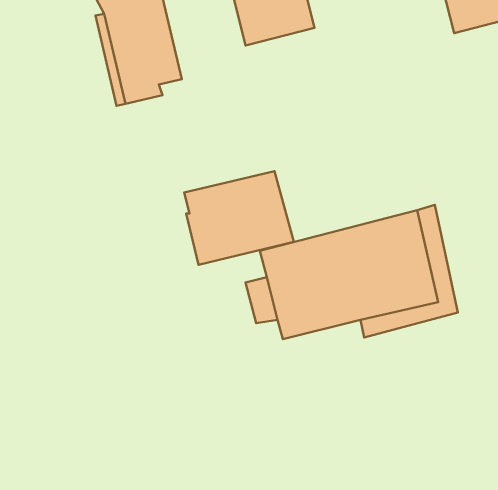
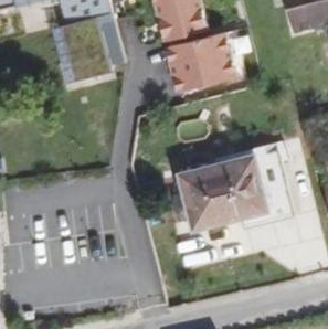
building: [184,171,294,265] -> [166,36,234,95]

